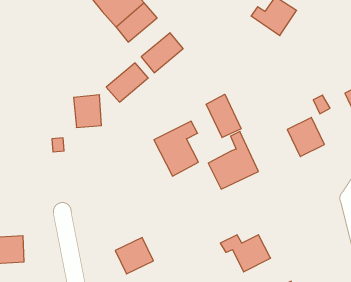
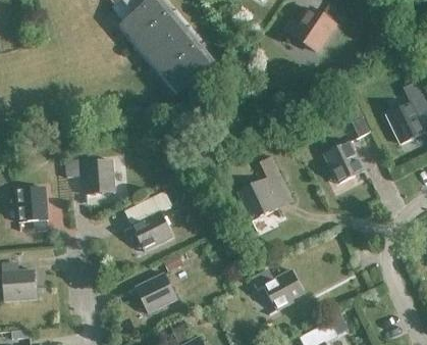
building: [106,63,148,102] -> [150,32,196,75]
building: [206,94,241,138] -> none
building: [74,95,101,127] -> [84,160,114,196]
building: [154,121,198,176] -> [124,191,173,251]
building: none -> [16,187,47,221]

